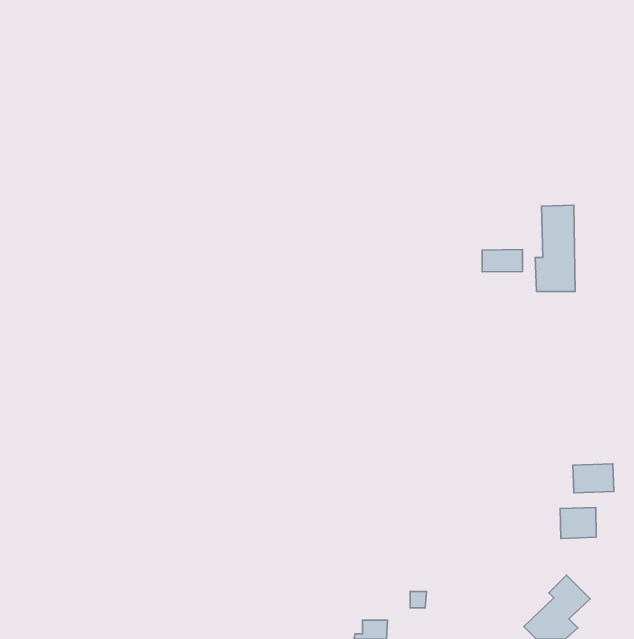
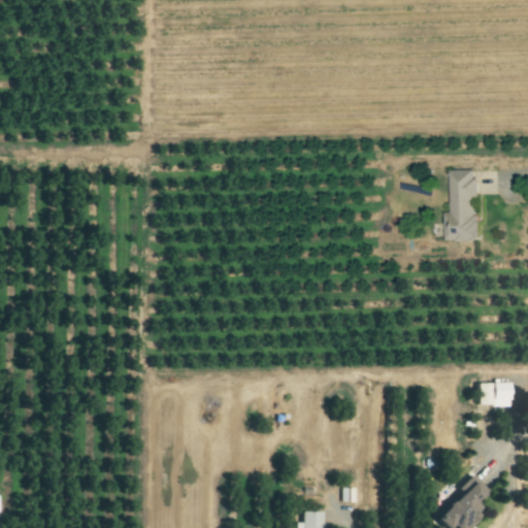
building: [482,250,523,272] -> none
building: [560,507,596,538] -> none

